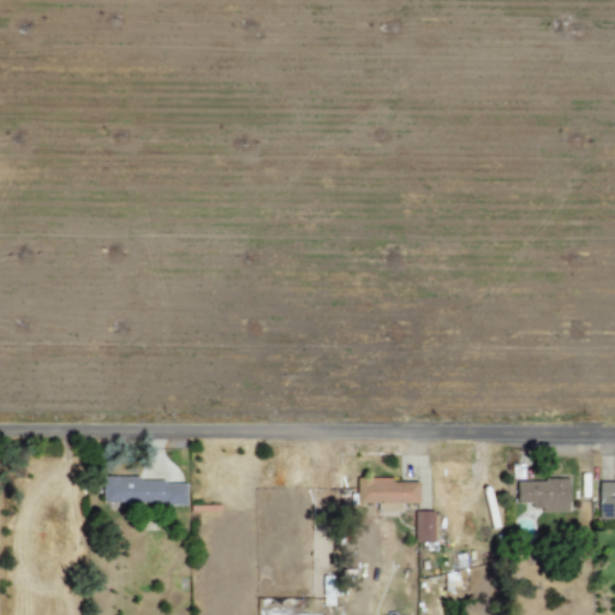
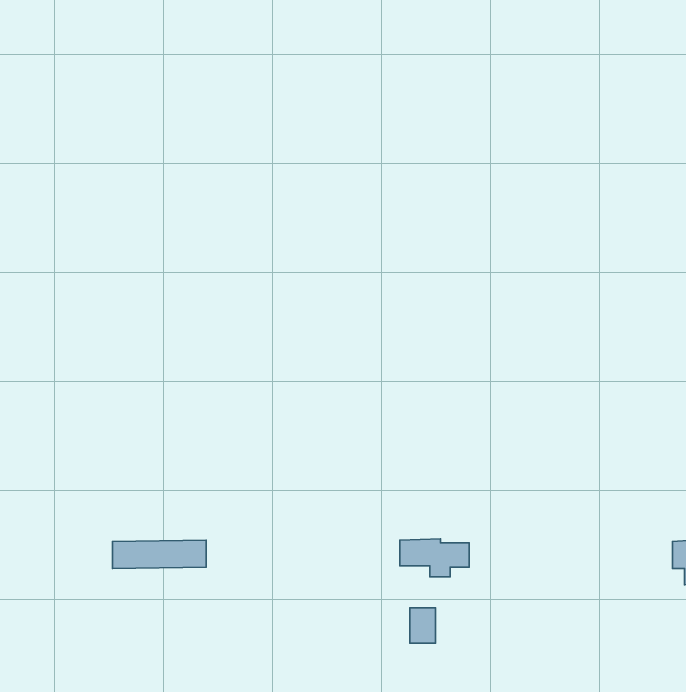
building: [520,478,572,510] -> none
building: [418,510,441,542] -> [410,608,435,643]

